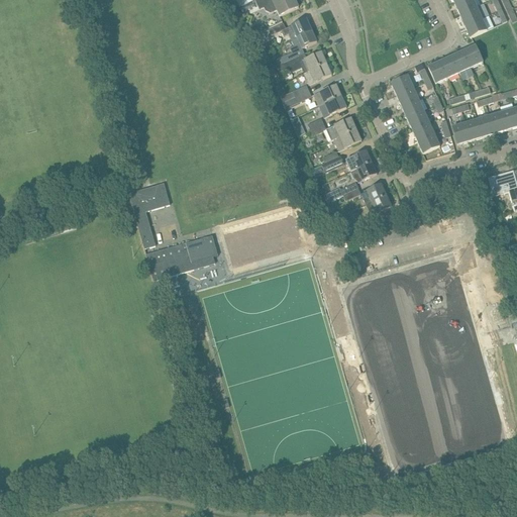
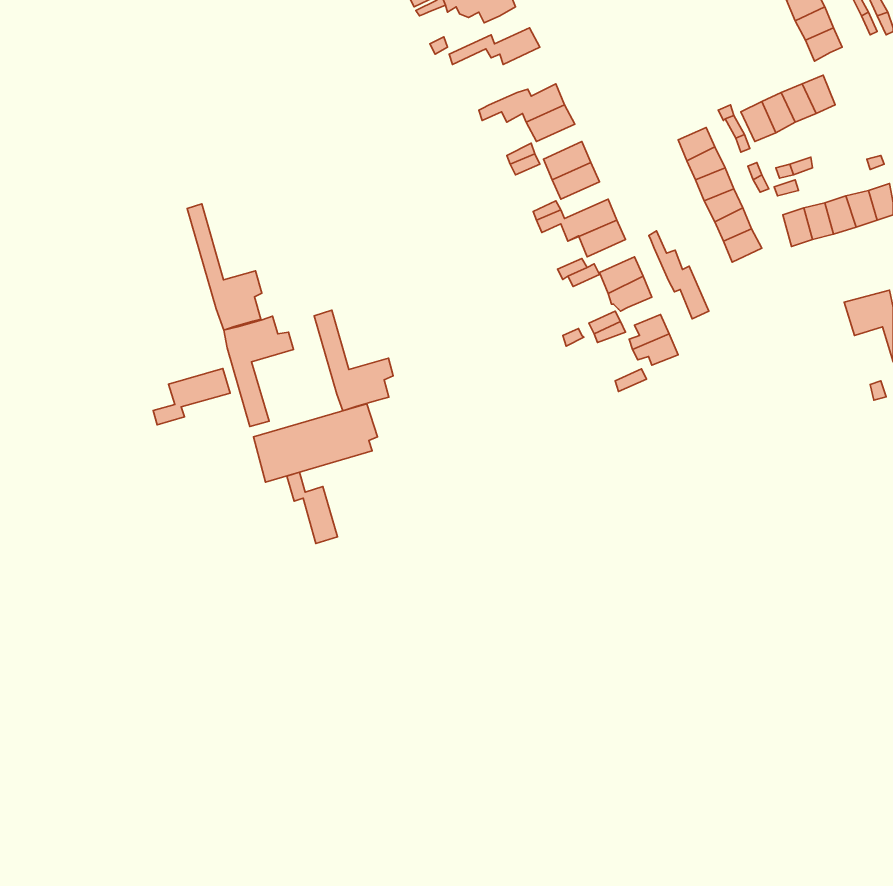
building: [276,27,317,63] -> none
building: none -> [187,204,262,330]
building: none -> [649,231,709,319]
building: none -> [314,310,393,411]
building: none -> [153,369,230,425]
building: none -> [287,472,338,543]

